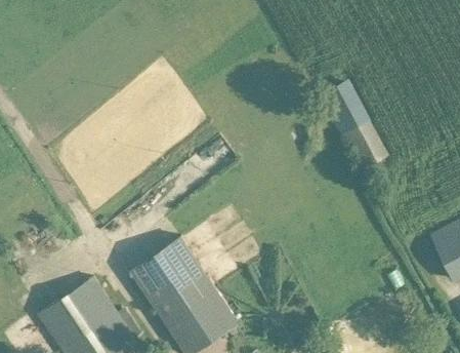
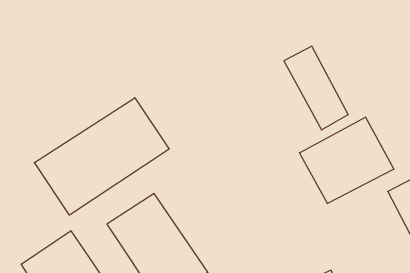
building: none -> [34,98,169,215]
building: none -> [299,117,394,204]

